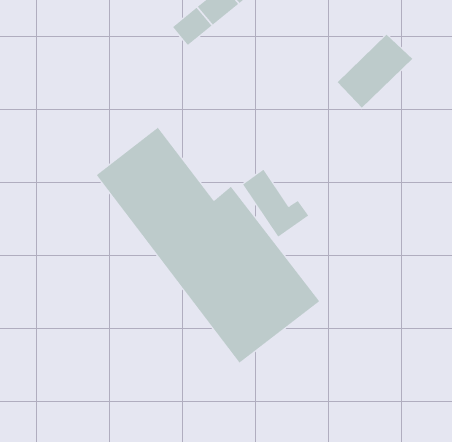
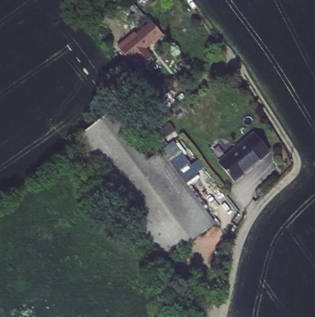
building: [337,34,413,109] -> [219,128,268,176]

